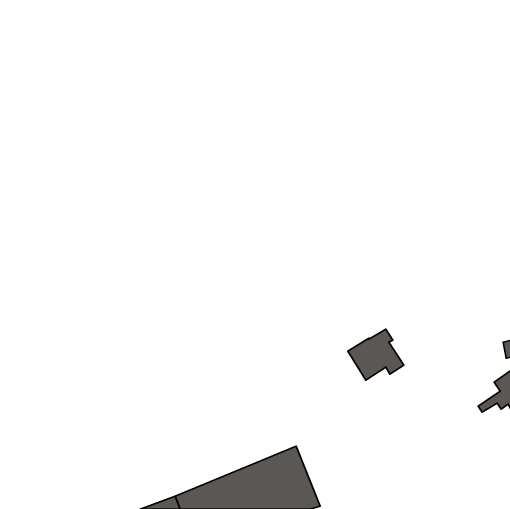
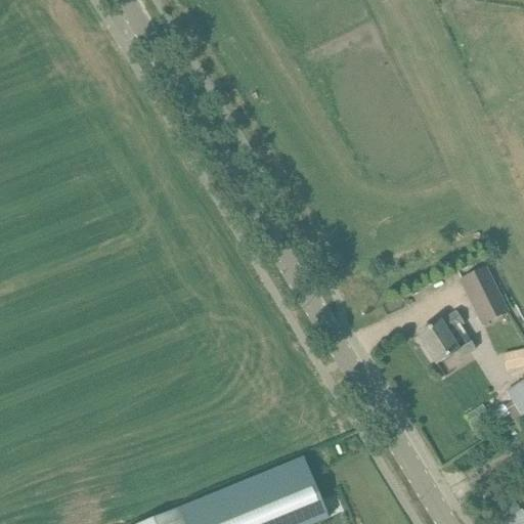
building: none -> [460,265,510,324]
building: [348,329,404,380] -> [419,311,476,363]

